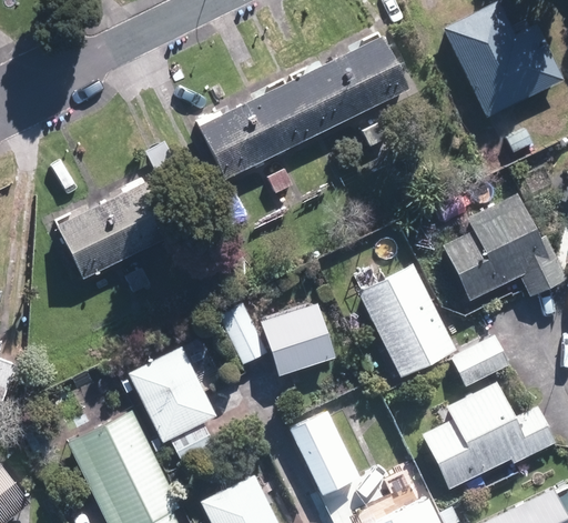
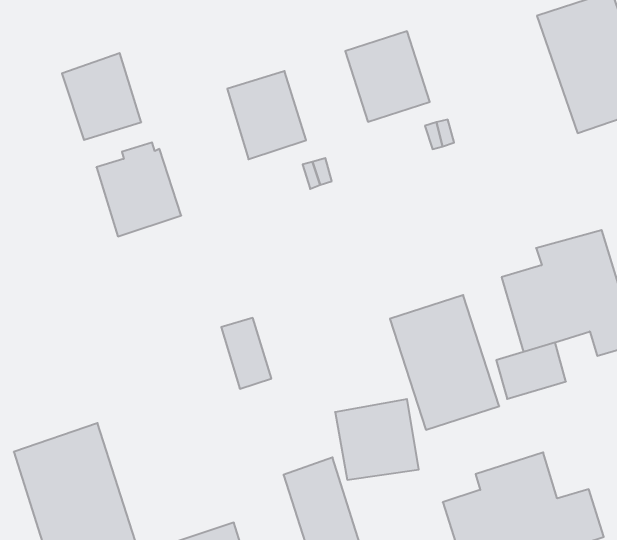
building: [337,36,408,111] -> none
building: [243,80,316,157] -> none
building: [58,203,128,278] -> [62,53,141,140]
building: [261,303,335,375] -> [335,399,419,480]
building: [452,335,510,386] -> [496,343,566,399]
building: [128,346,216,463] -> none

